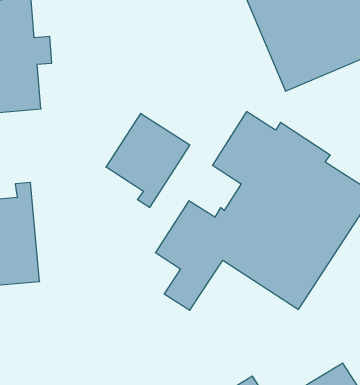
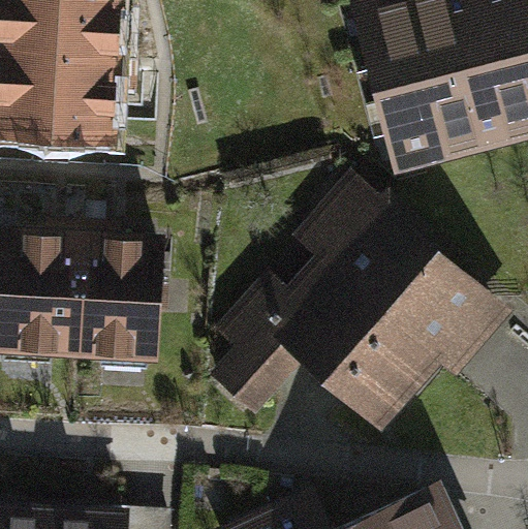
building: [106,113,190,208] -> none
building: none -> [76,231,157,354]

